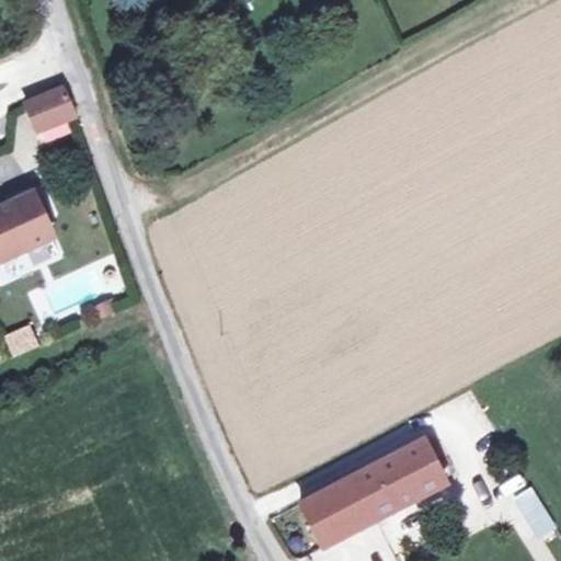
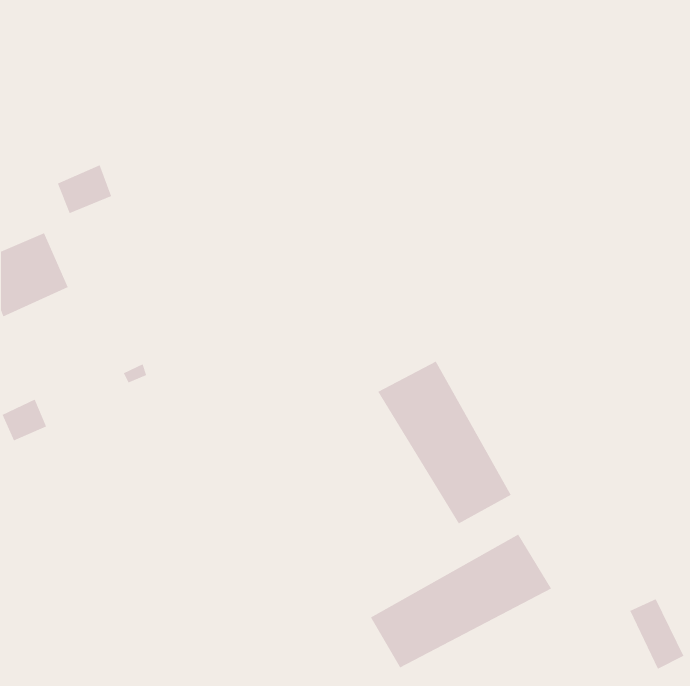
building: [31,88,76,128] -> [57,164,112,214]
building: none -> [377,360,512,525]

